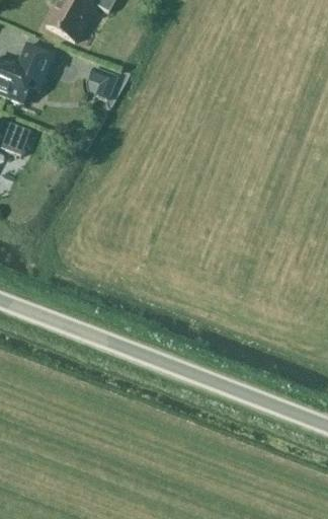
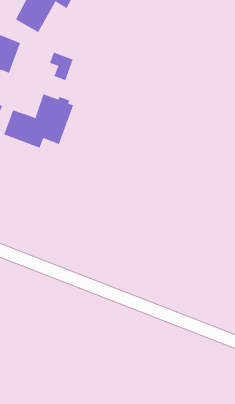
building: none -> [3,93,74,149]

